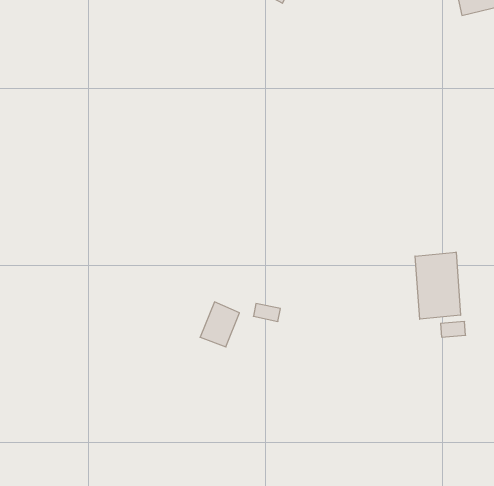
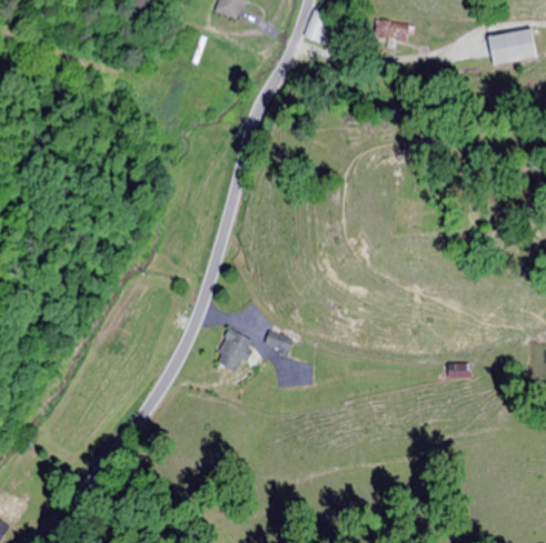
building: [415,252,461,319] -> none

